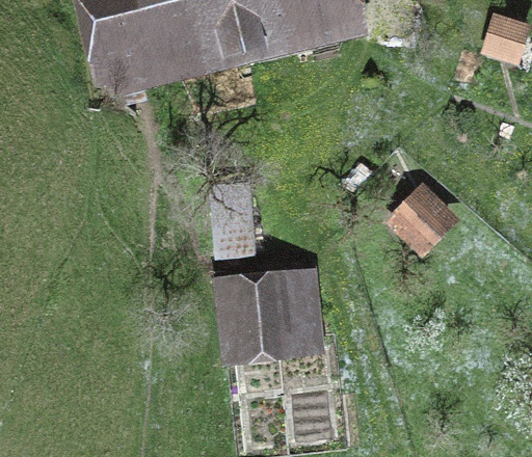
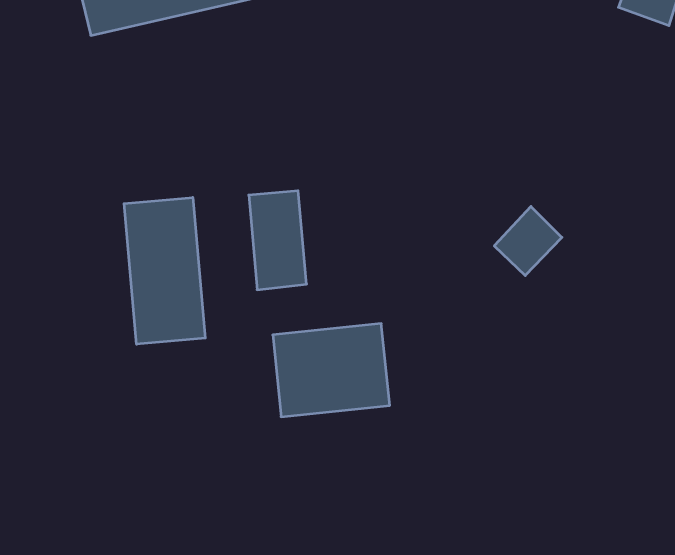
building: none -> [124,197,205,344]

